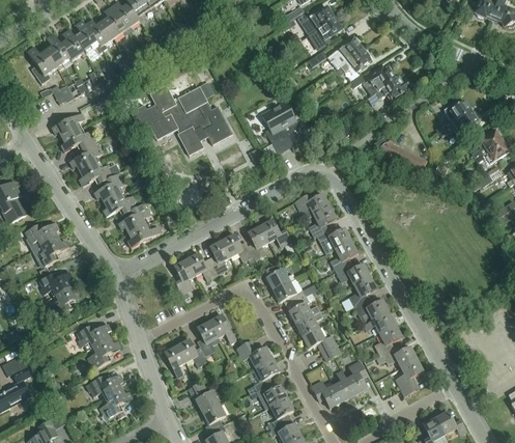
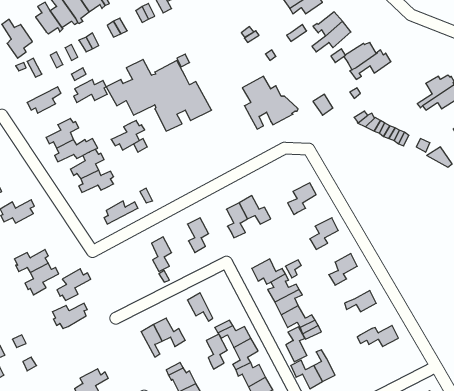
building: [46,33,74,67] -> none
building: [61,129,94,151] -> [74,79,107,103]
building: [294,193,330,215] -> none
building: [118,204,151,233] -> [111,120,145,150]
building: [317,228,351,249] -> none
building: [222,233,253,261] -> none
building: [35,237,68,267] -> none
building: [185,253,217,280] -> none
building: [336,265,370,284] -> none
building: [262,266,296,290] -> none
building: [354,300,389,324] -> none
building: [197,322,218,356] -> [206,334,227,369]
building: [374,325,402,356] -> none
building: [87,337,120,368] -> [57,269,91,300]
building: [396,359,423,396] -> none
building: [346,361,367,395] -> [286,327,307,362]
building: [88,375,122,398] -> none

